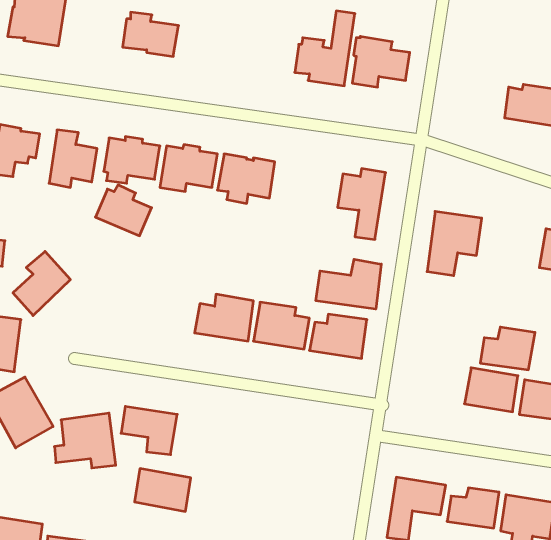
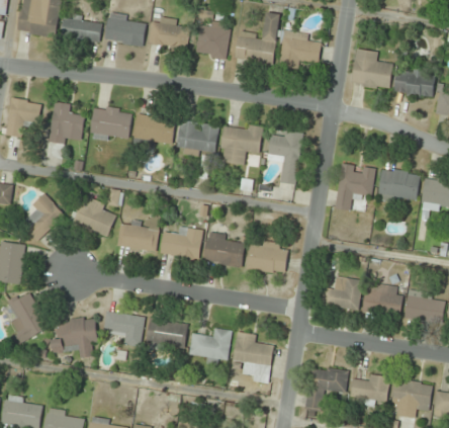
building: none -> [59,13,101,42]
building: none -> [147,16,189,53]
building: none -> [194,21,230,60]
building: none -> [350,49,391,90]
building: none -> [219,125,262,165]
building: [95,185,152,236] -> [73,198,115,237]
building: none -> [377,170,419,200]
building: [316,259,381,309] -> none
building: none -> [116,211,160,251]
building: [480,327,535,370] -> [321,277,362,310]
building: none -> [188,328,232,366]
building: none -> [232,332,273,382]
building: [135,469,191,511] -> [145,318,187,350]

